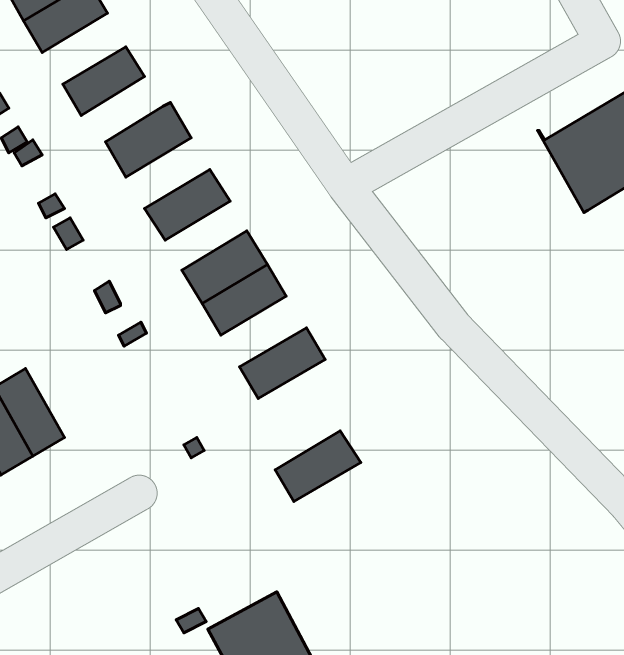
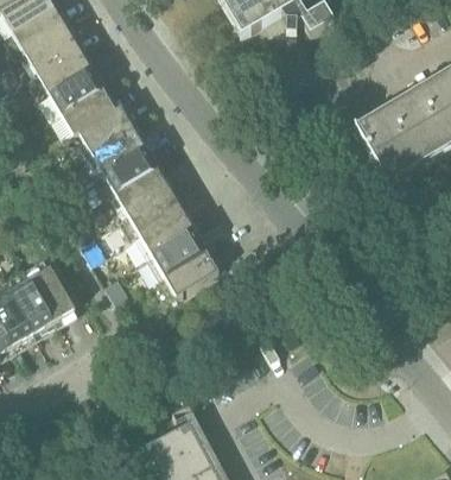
building: none -> [39,51,93,96]
building: none -> [64,91,116,135]
building: none -> [93,131,146,176]
building: none -> [117,171,170,215]
building: none -> [28,266,74,322]
building: [275,431,361,501] -> [153,232,208,277]

